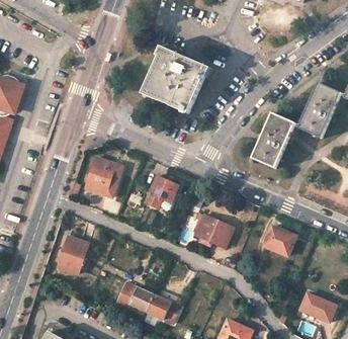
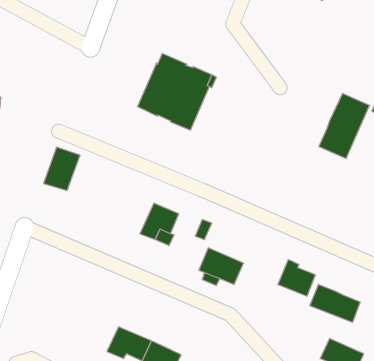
building: [251,112,294,168] -> none
building: [84,157,115,194] -> [44,147,80,191]
building: [57,236,88,274] -> none
building: none -> [310,284,360,322]

